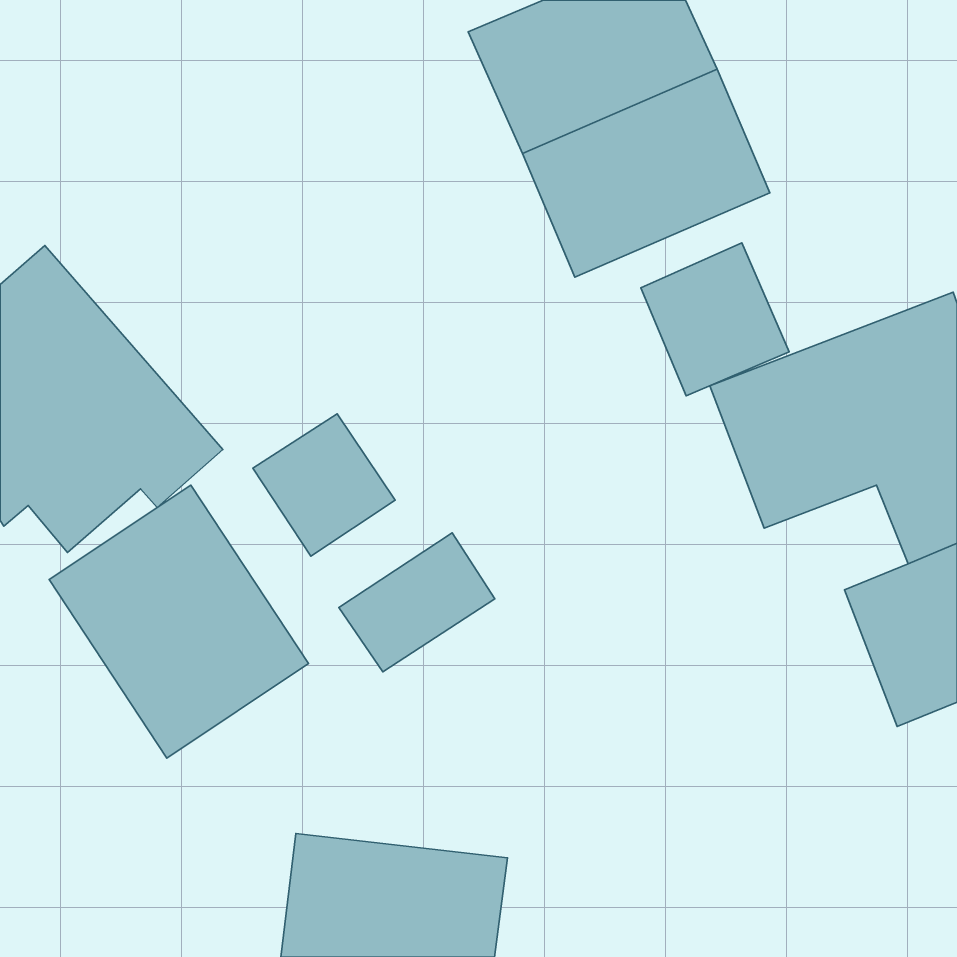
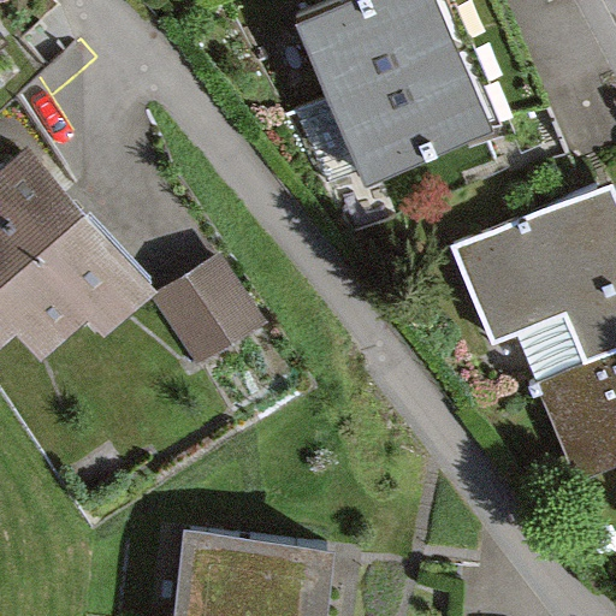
building: [641,243,789,396] -> none
building: [49,485,309,758] -> none
building: [339,533,495,672] -> none

